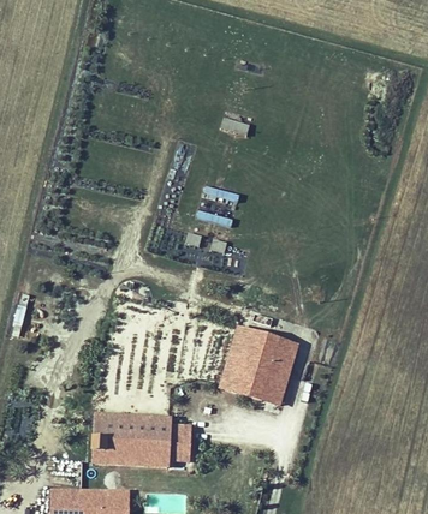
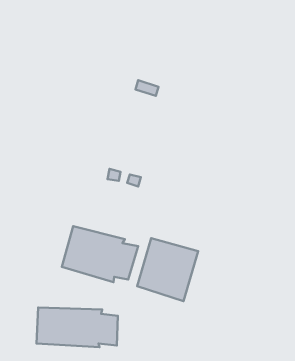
building: none -> [62,226,138,282]

